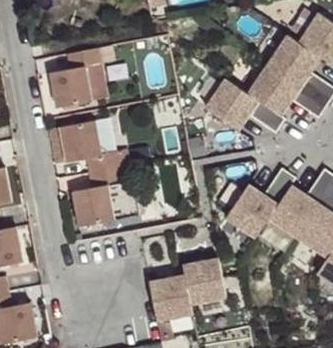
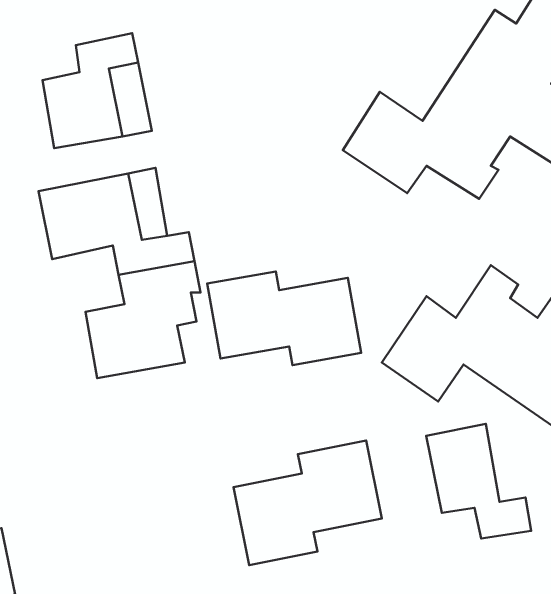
building: none -> [207,271,361,365]
building: none -> [426,424,531,539]

